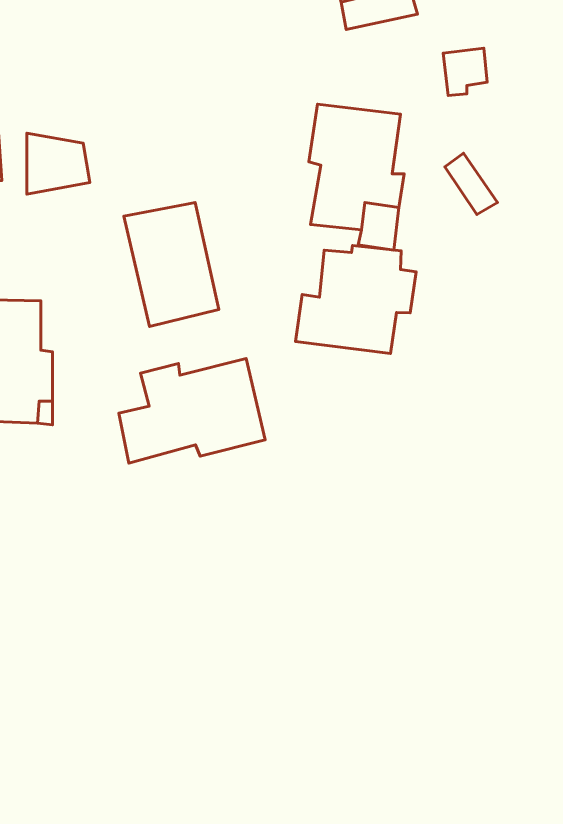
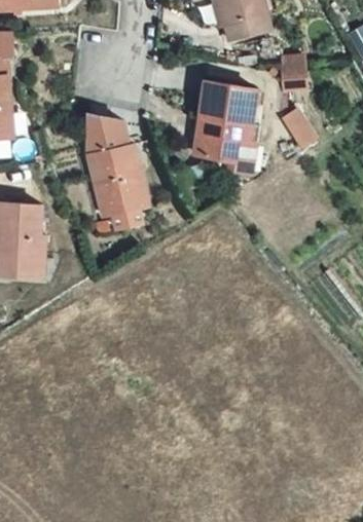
building: [27,133,90,194] -> [88,115,126,152]
building: [295,245,416,354] -> none
building: [119,359,265,463] -> none

